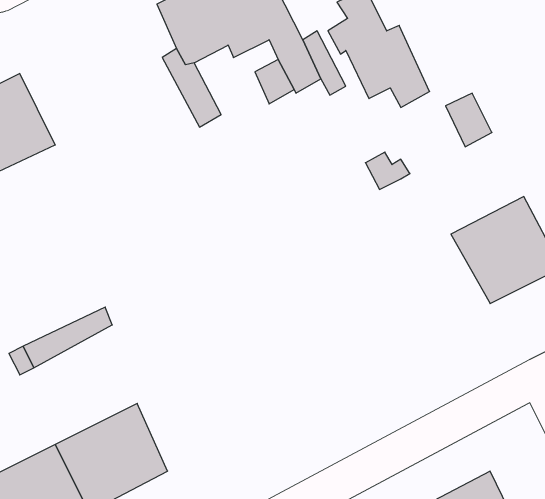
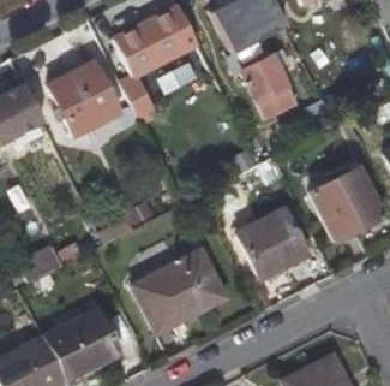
building: none -> [47,60,119,136]
building: none -> [236,206,310,279]
building: none -> [132,248,228,333]

